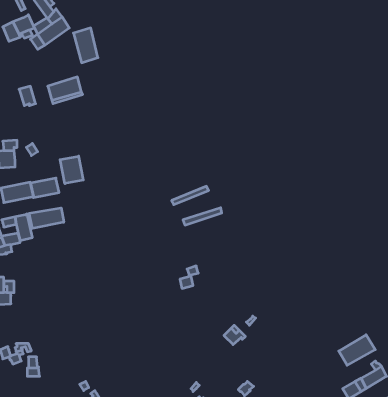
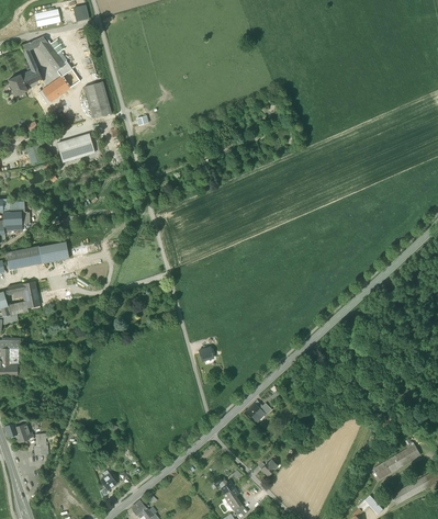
building: [60,156,83,184] -> none
building: [29,208,64,228] -> none
building: [339,335,375,365] -> none

